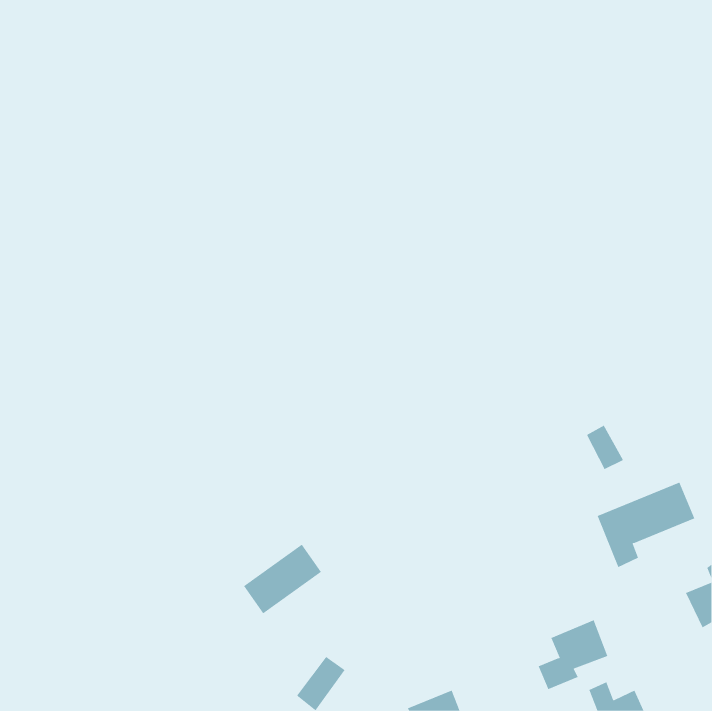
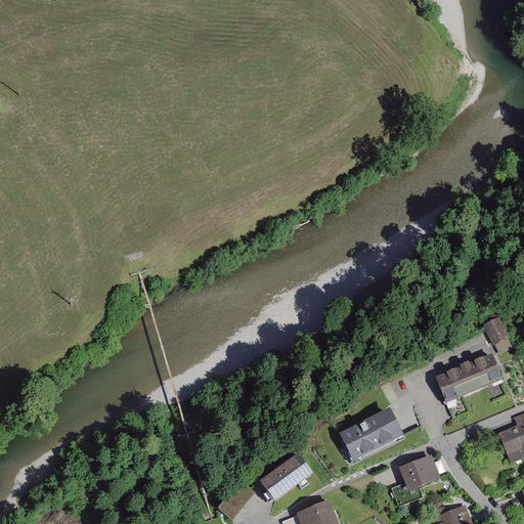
building: [586,425,624,470] -> [481,316,509,349]
building: [243,544,322,614] -> [255,453,312,505]
building: none -> [336,412,397,462]

